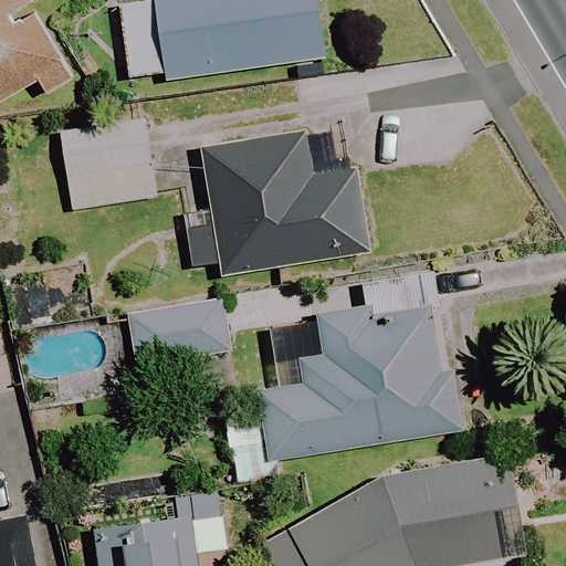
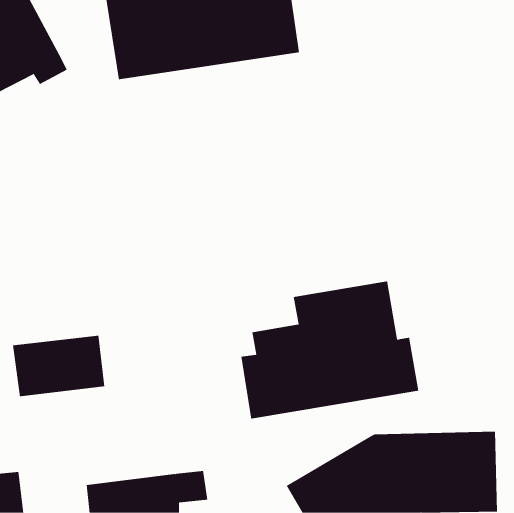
building: [60,118,154,208] -> none
building: [186,125,368,274] -> none
building: [126,297,228,365] -> [12,335,105,397]

